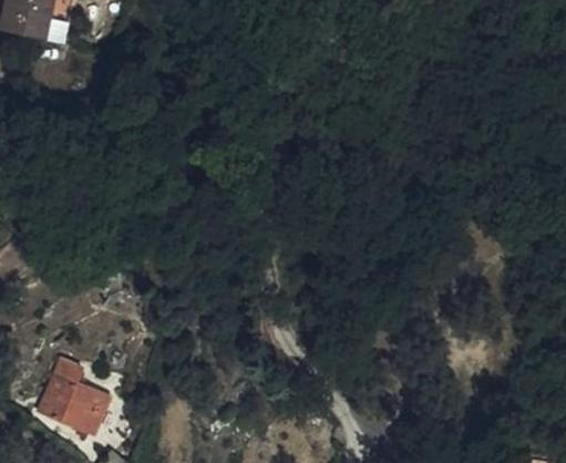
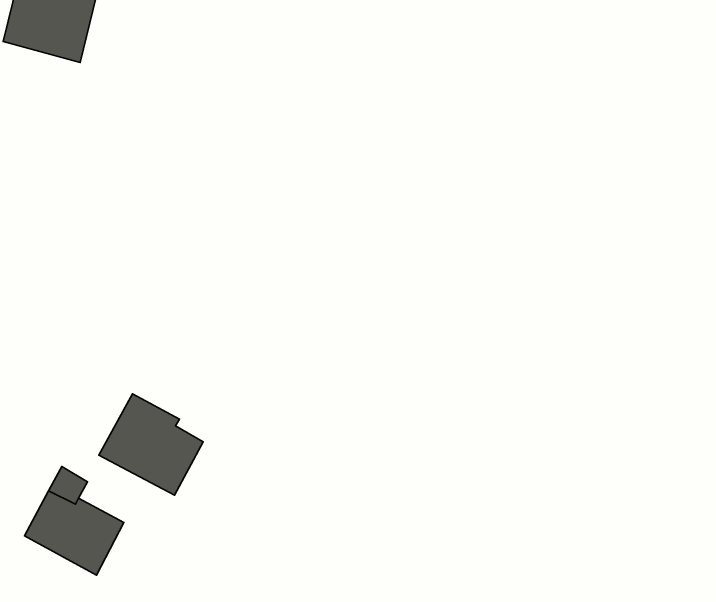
building: none -> [99,394,203,495]

